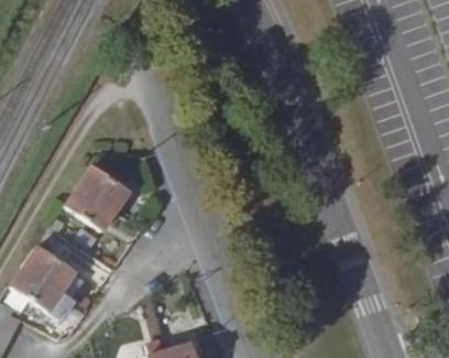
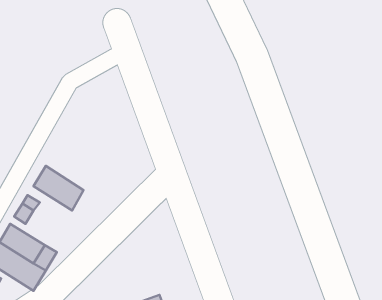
building: [74,167,128,214] -> none

